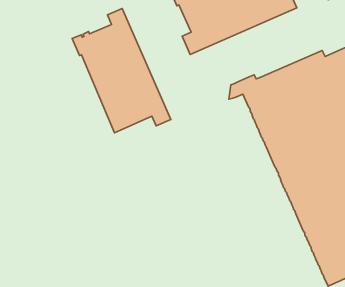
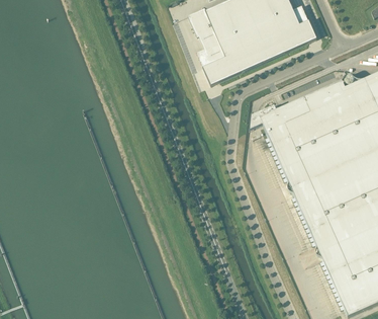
building: [72,9,171,133] -> none

